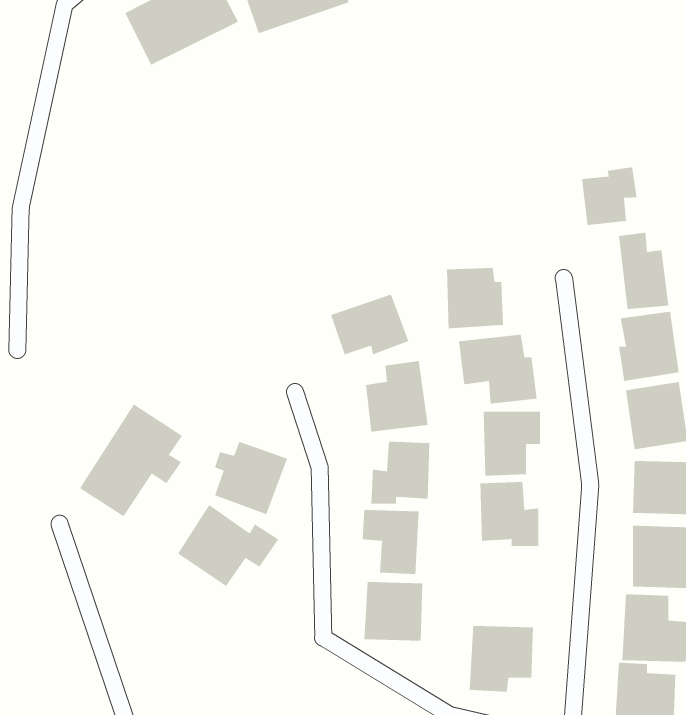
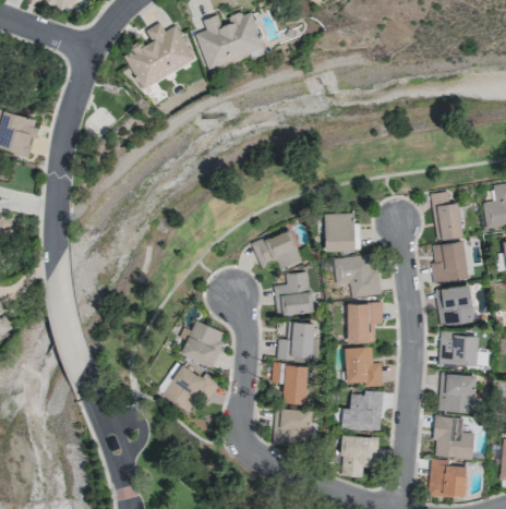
building: [581,166,637,226] -> none
building: [79,403,183,517] -> none
building: none -> [334,391,383,431]

